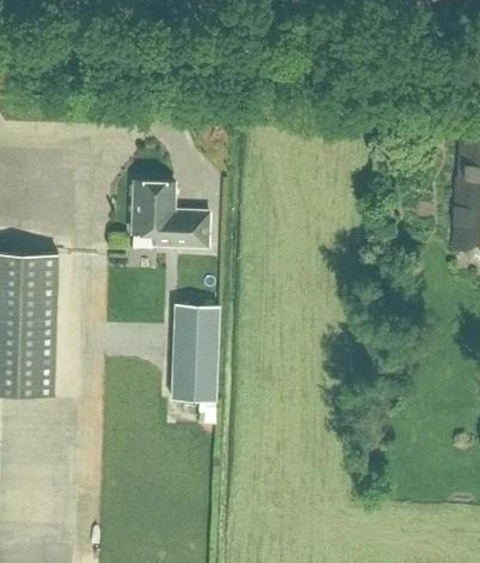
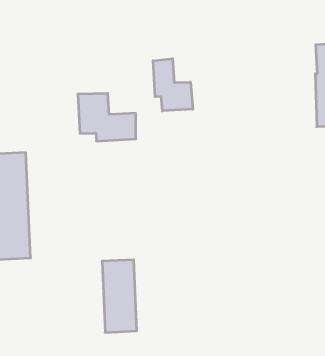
building: none -> [153,59,193,111]
building: [172,305,219,403] -> [102,260,137,332]

